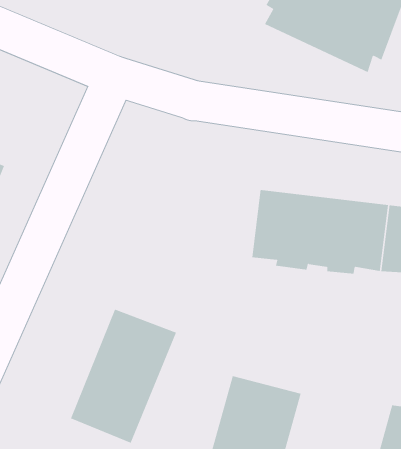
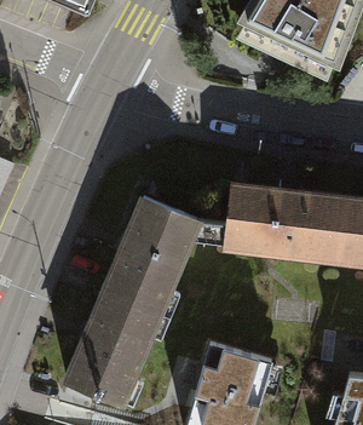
building: none -> [106,195,197,308]

